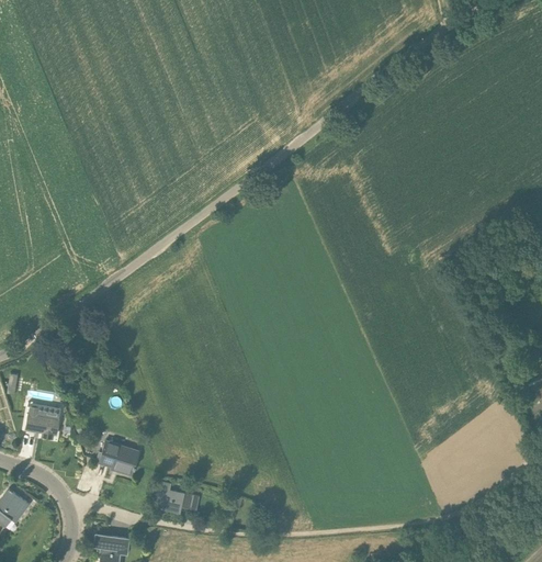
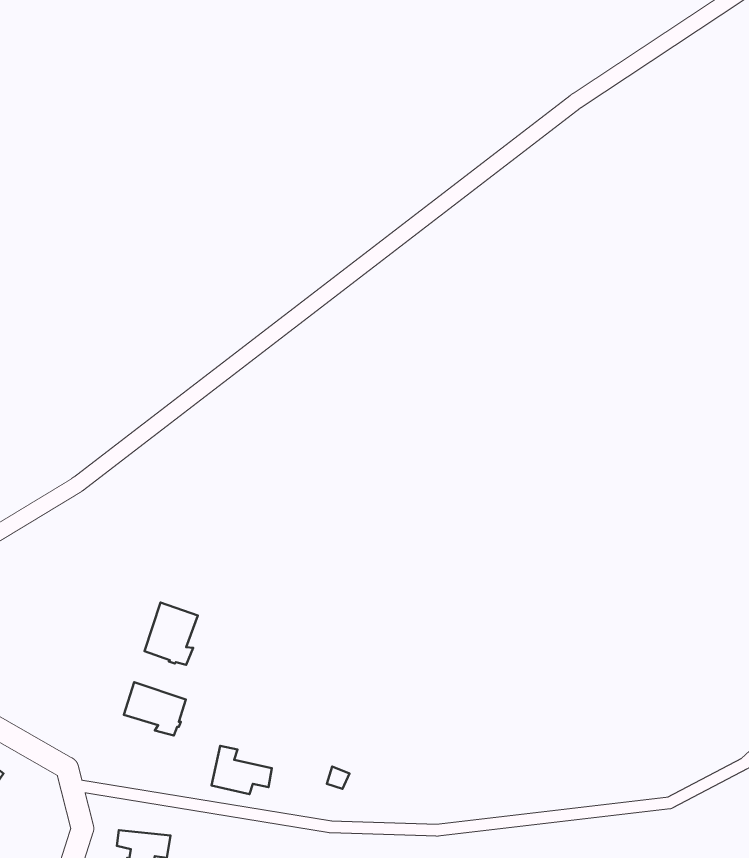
building: none -> [144,603,198,665]
building: [26,406,60,438] -> none

